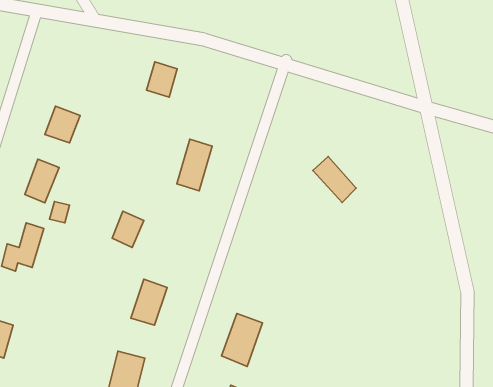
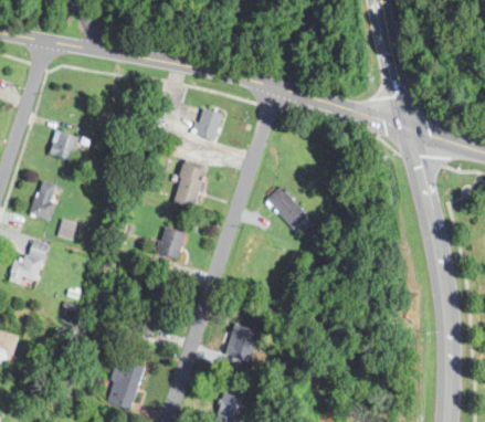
building: [147,62,177,97] -> [196,107,224,140]
building: [313,157,356,202] -> [267,186,308,229]
building: [112,211,144,248] -> [158,225,188,260]

